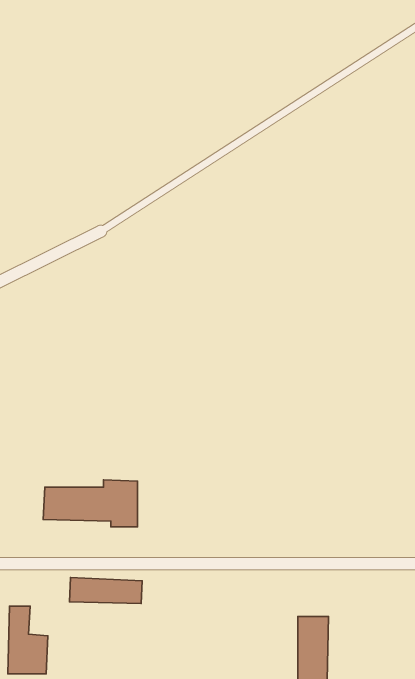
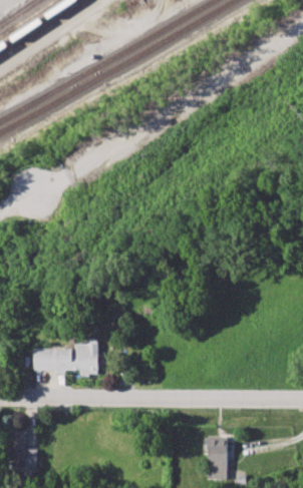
building: [69,578,142,604] -> none

